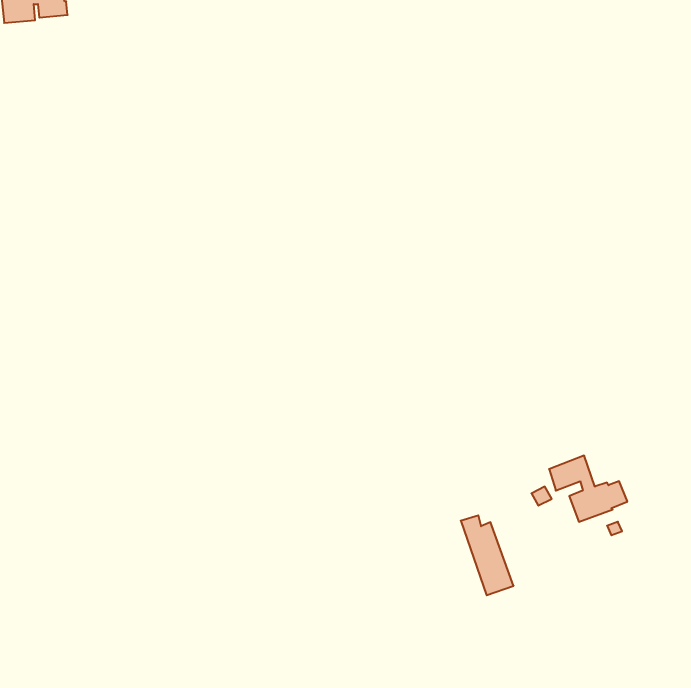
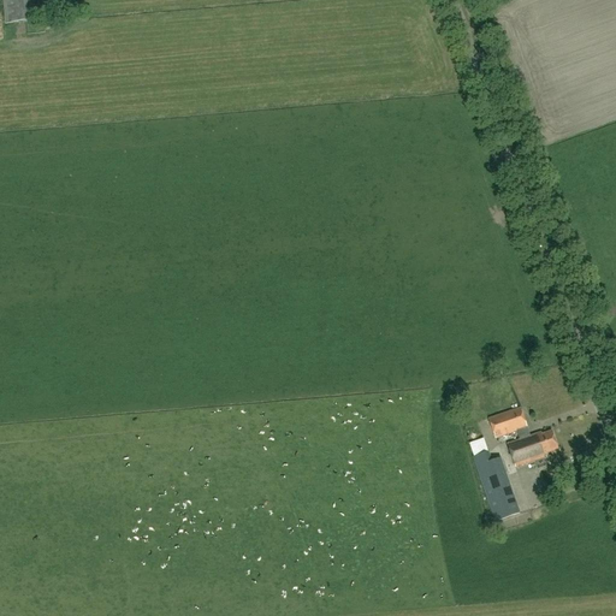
building: [461,515,514,595] -> [473,450,520,521]

